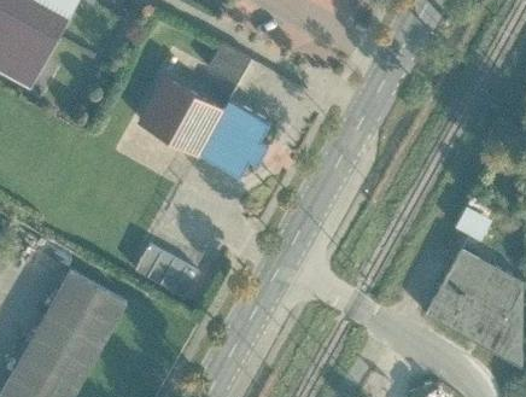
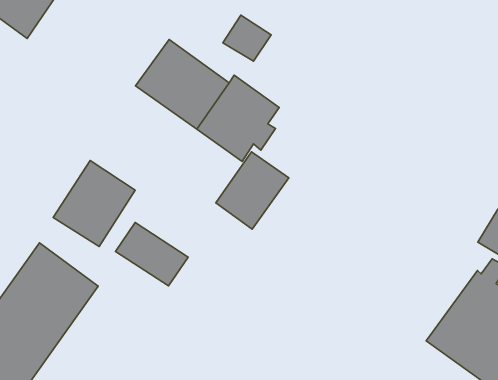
building: none -> [216,152,289,229]
building: none -> [53,160,135,247]

